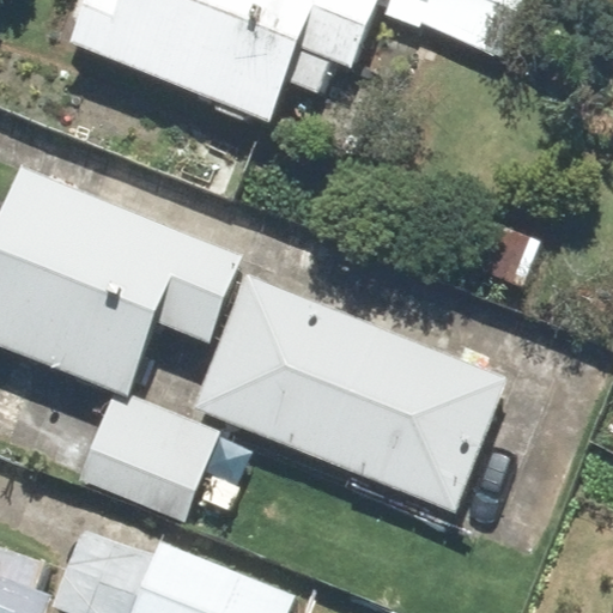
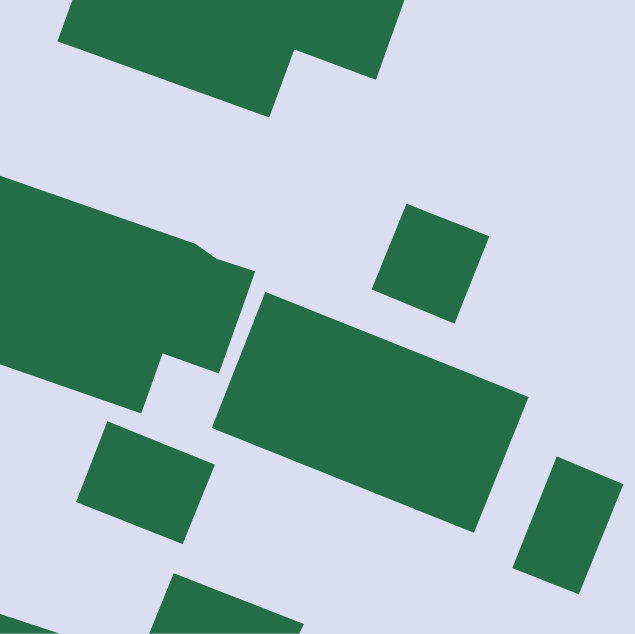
building: none -> [371,203,490,324]
building: none -> [511,455,624,595]

